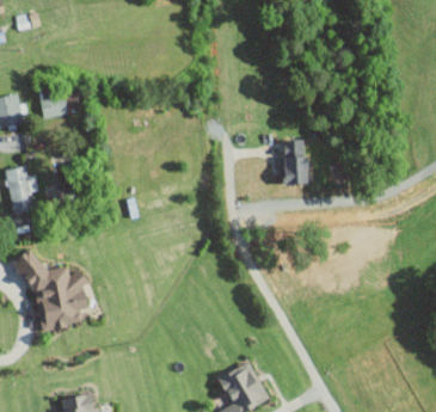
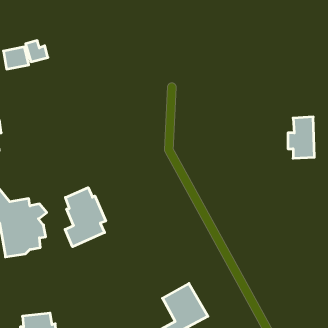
building: [277,141,307,187] -> [288,117,314,158]
building: none -> [65,188,106,247]

